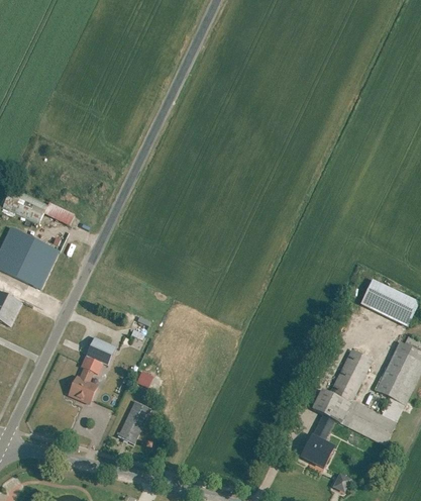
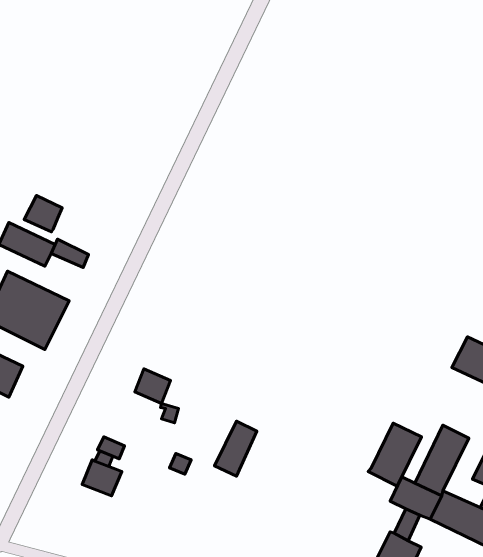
building: none -> [24,196,62,232]
building: [86,337,114,365] -> [135,369,171,404]
building: none -> [368,423,421,486]
building: [117,400,150,443] -> [215,421,257,476]

